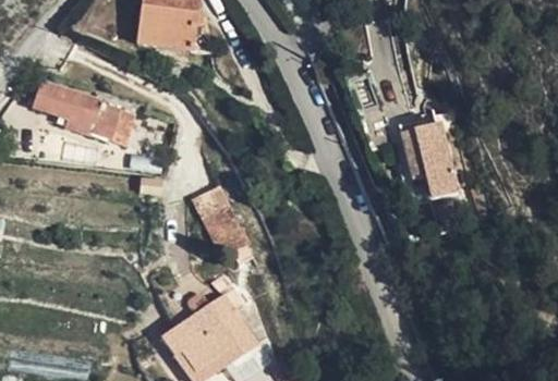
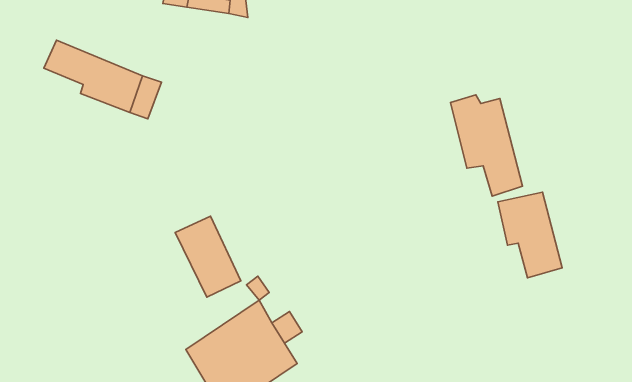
building: [186,180,243,249] -> [175,216,241,297]
building: none -> [498,192,562,278]

